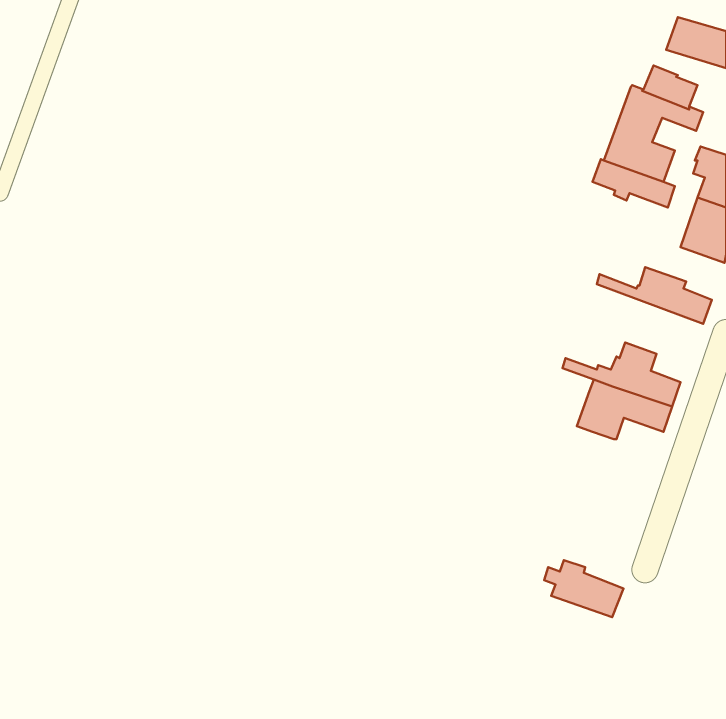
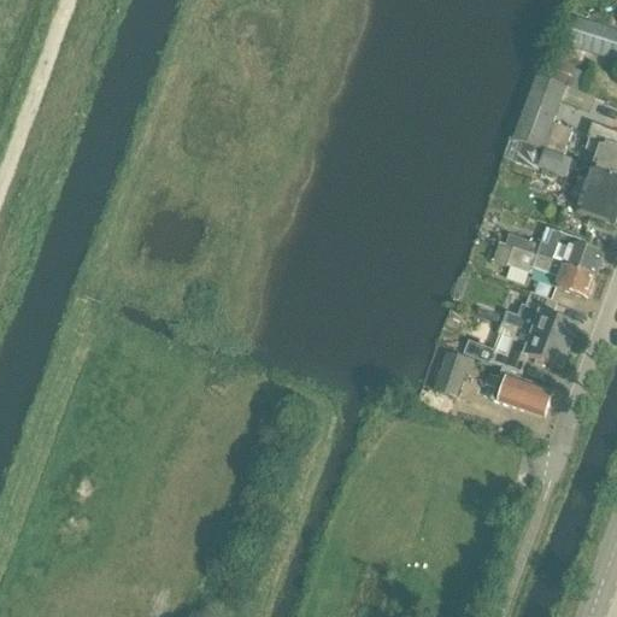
building: none -> [492,240,597,296]
building: none -> [434,351,470,396]
building: [544,560,624,617] -> [486,366,553,415]

